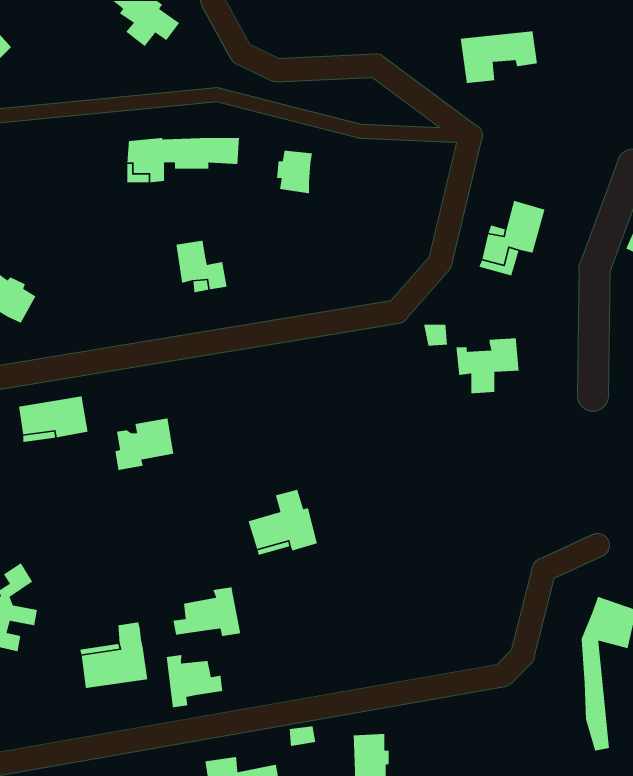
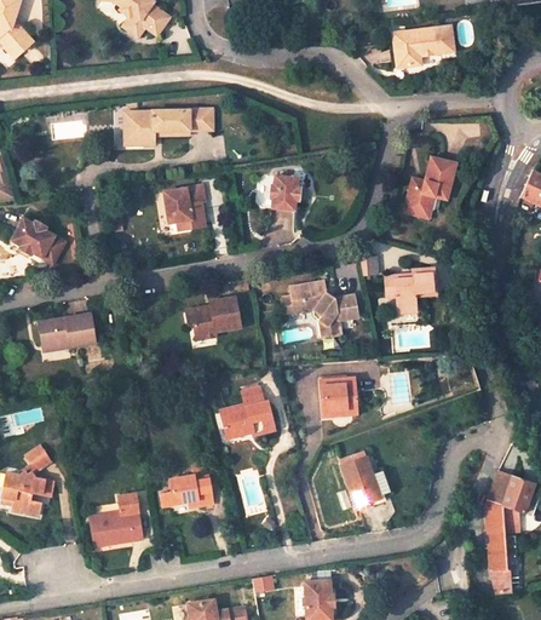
building: [276,150,313,194] -> [271,177,300,212]
building: none -> [283,281,358,337]
building: [115,417,174,471] -> [191,298,238,340]
building: none -> [321,377,361,413]
building: none -> [343,458,381,507]
building: [166,654,223,708] -> none

